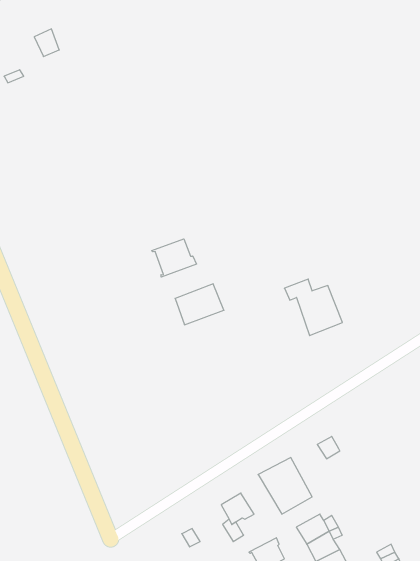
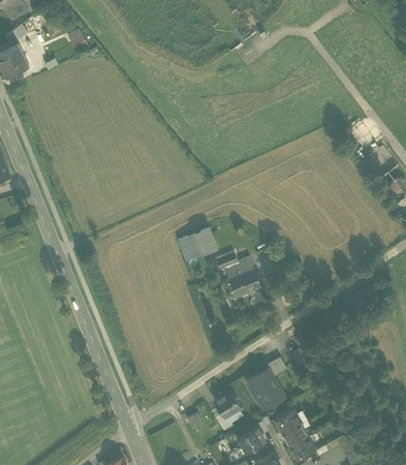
building: [152,239,197,277] -> none
building: [284,279,342,336] -> [215,253,260,298]

